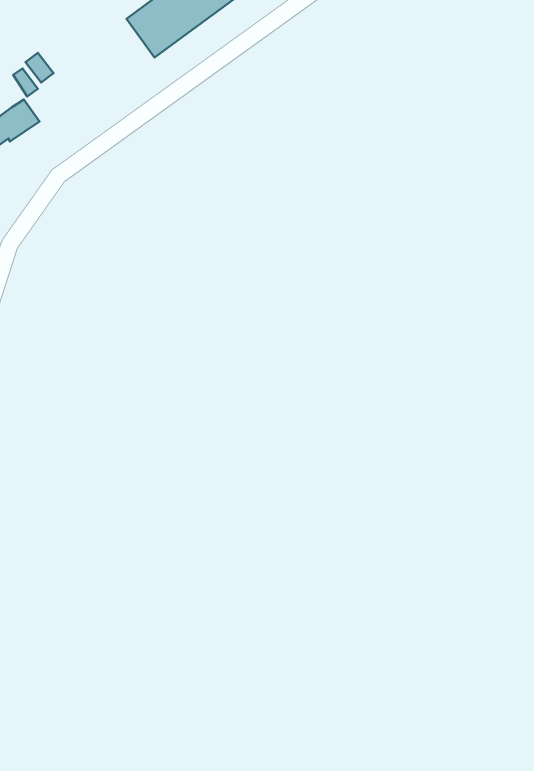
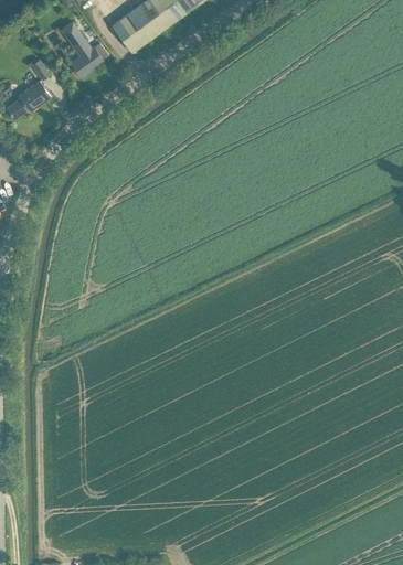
building: none -> [60,23,107,77]

